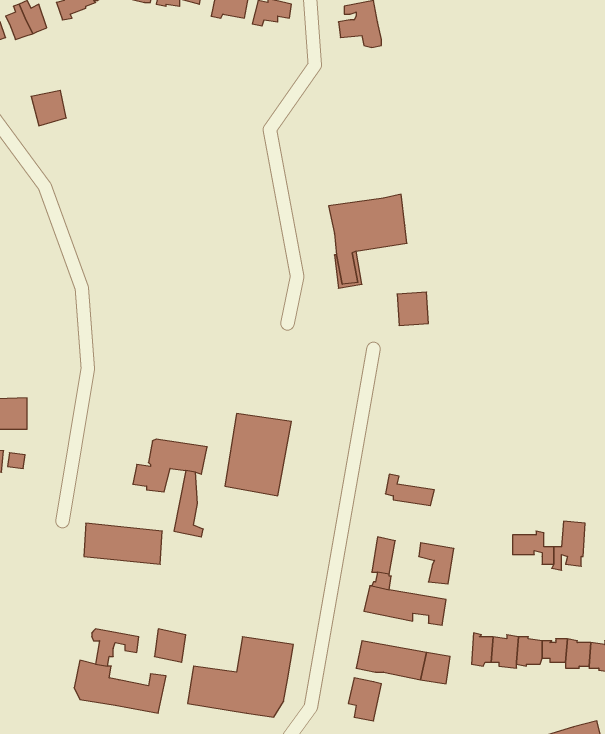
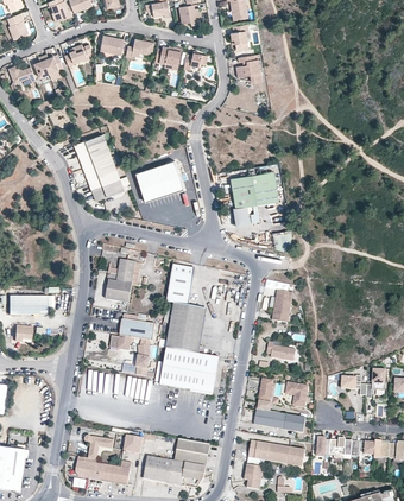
building: none -> [76,134,125,201]
building: none -> [137,160,184,201]
building: none -> [107,261,134,302]
building: none -> [168,266,196,306]
building: none -> [271,291,292,324]
building: none -> [162,348,220,393]

